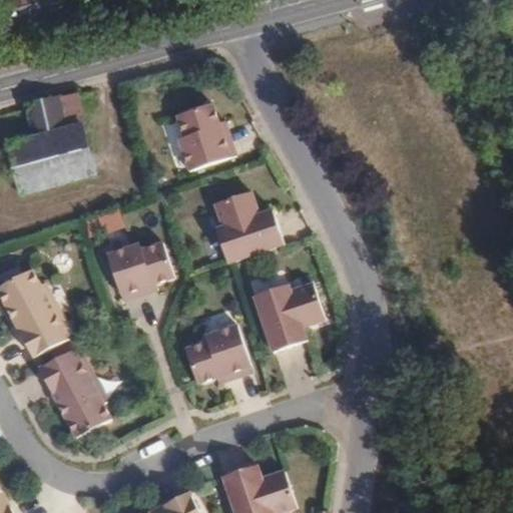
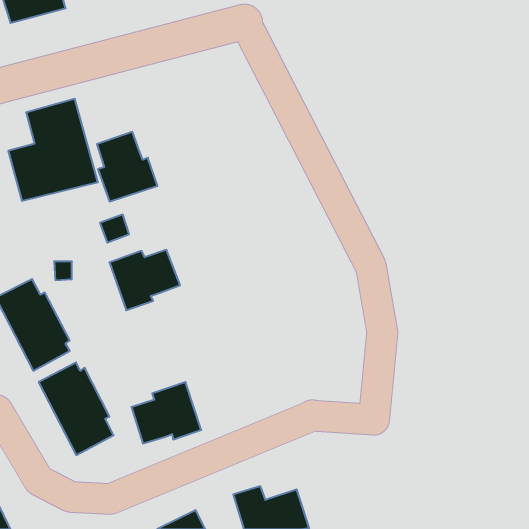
building: [174,102,232,169] -> [97,132,157,201]
building: [214,190,283,263] -> none
building: [252,283,325,352] -> none
building: [184,324,251,383] -> [131,382,201,444]

